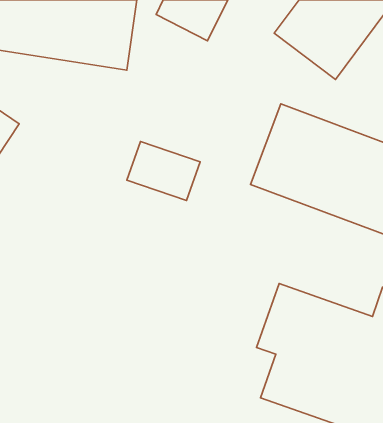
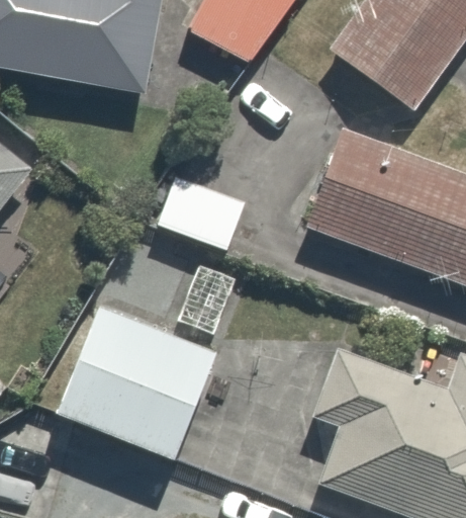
building: none -> [55,303,220,460]

